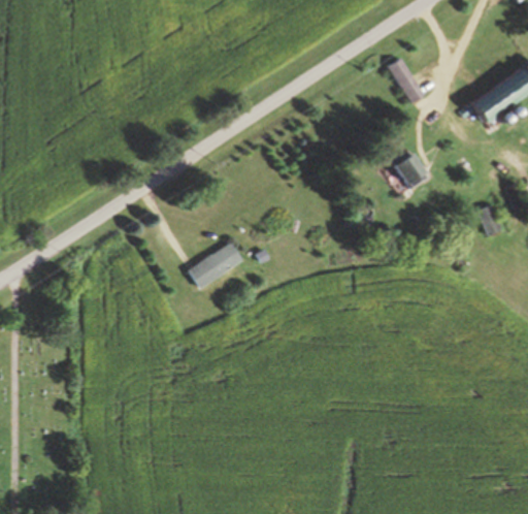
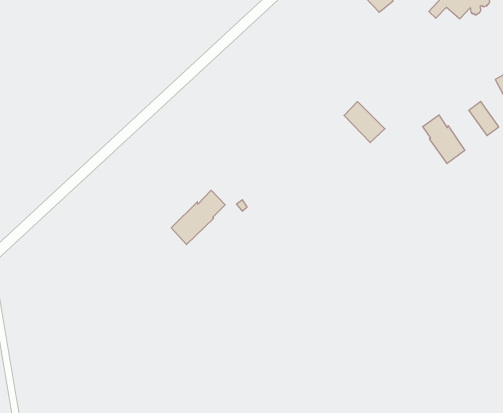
building: [393,151,428,190] -> [344,102,385,143]
building: none -> [423,115,465,164]

